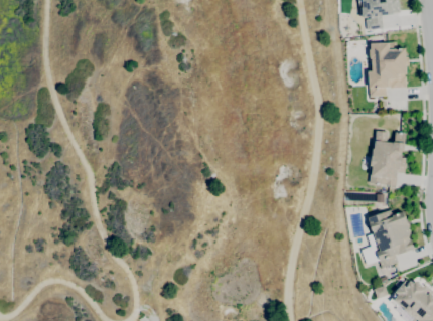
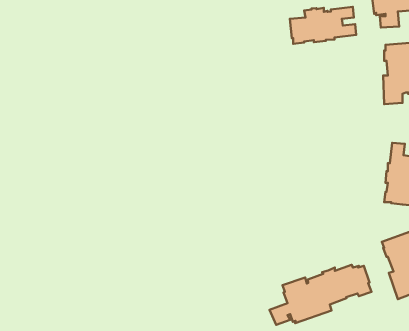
building: none -> [290,7,356,44]
building: none -> [270,265,371,325]

